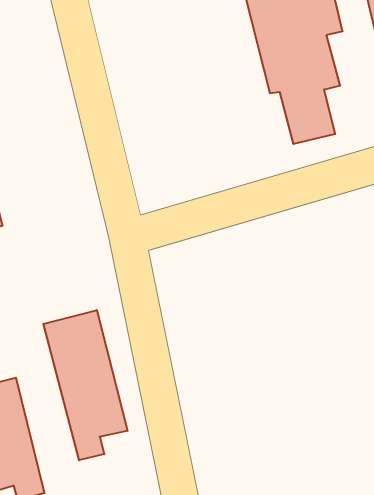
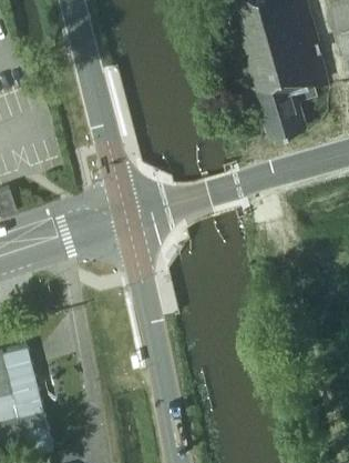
building: [43,310,128,460] -> none

